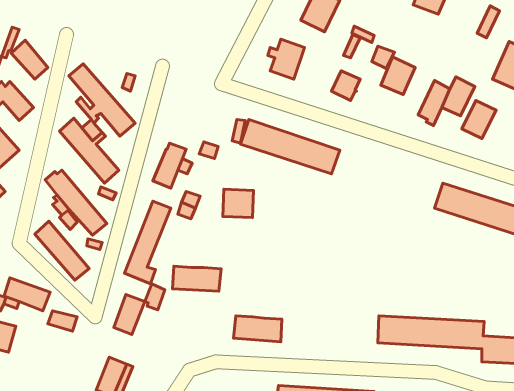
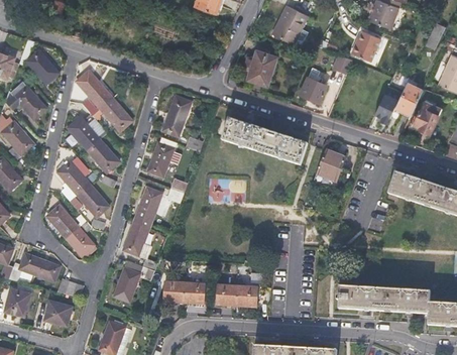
building: [381,57,415,95] -> [351,28,380,61]
building: none -> [163,96,191,136]
building: none -> [317,150,346,181]
building: [173,266,221,291] -> [163,281,205,303]
building: none -> [44,300,72,326]

